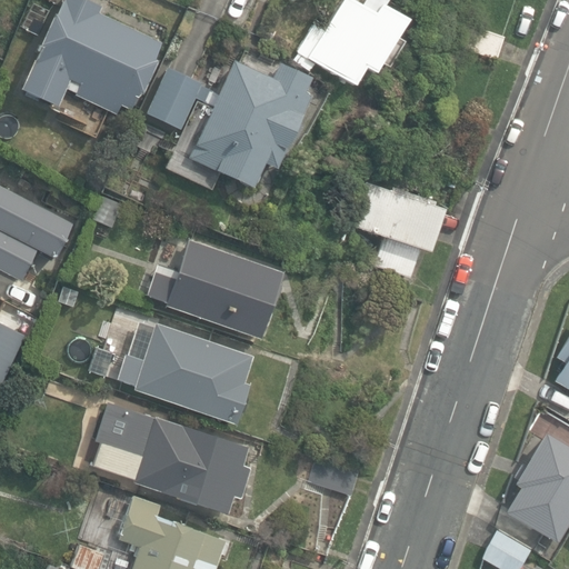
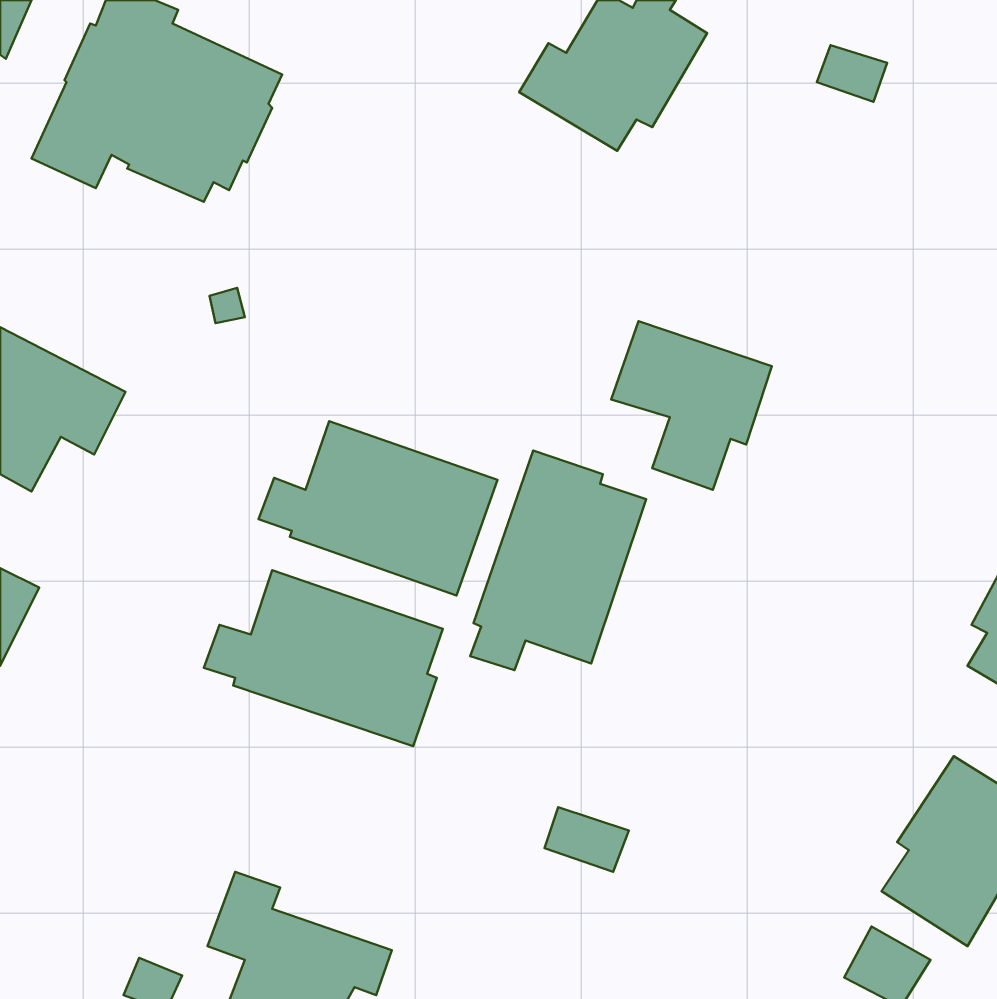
building: [152,52,206,117] -> none
building: [191,62,312,188] -> none
building: none -> [470,451,646,670]
building: [96,403,250,515] -> none

